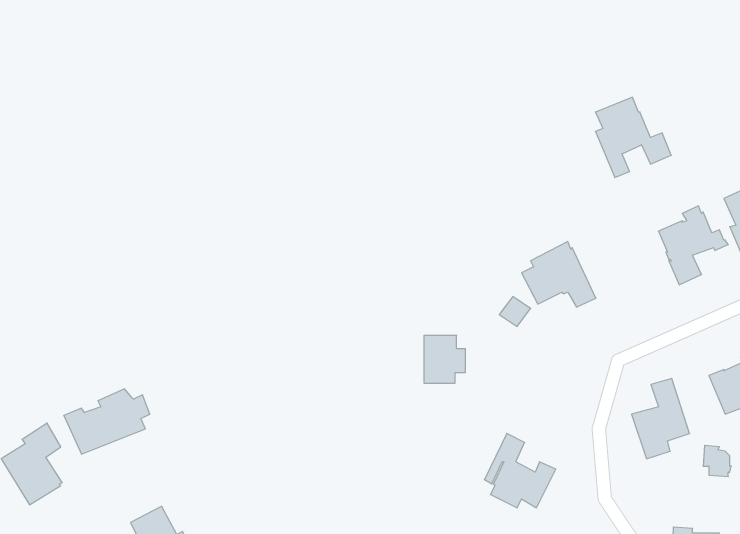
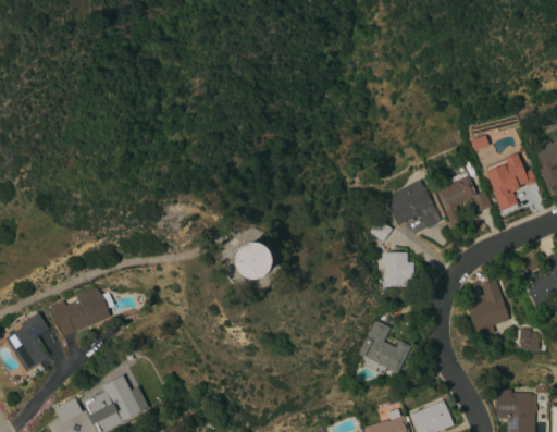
building: [595,97,671,178] -> [436,164,492,223]
building: none -> [230,237,275,284]
building: [424,335,465,383] -> [384,252,414,287]

